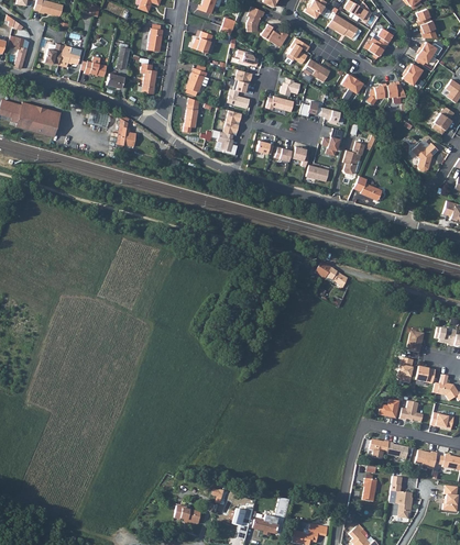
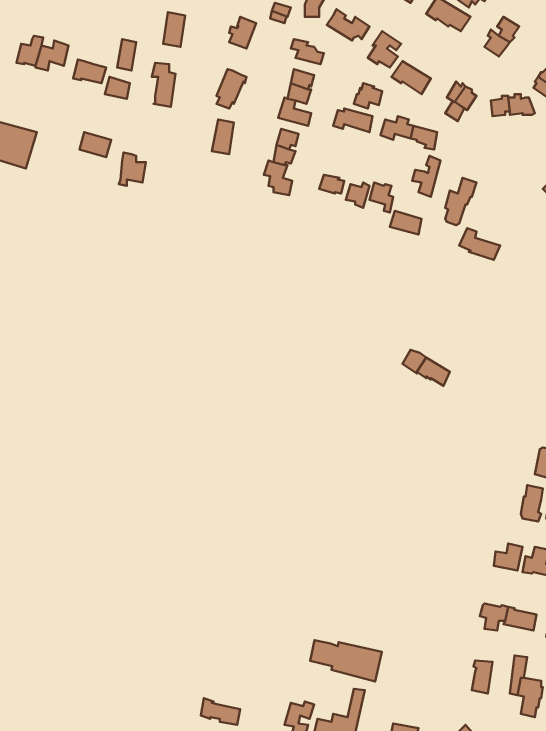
building: none -> [310,640,382,681]

